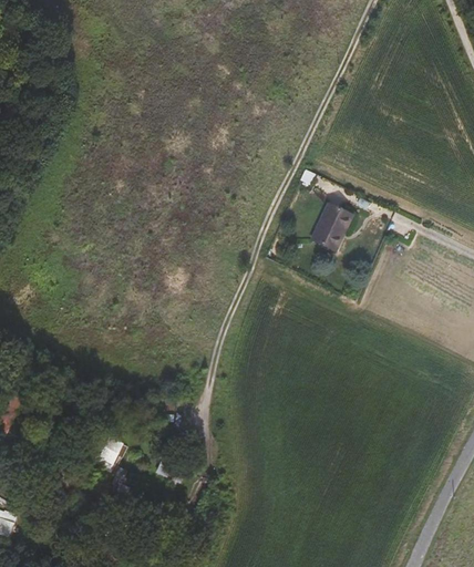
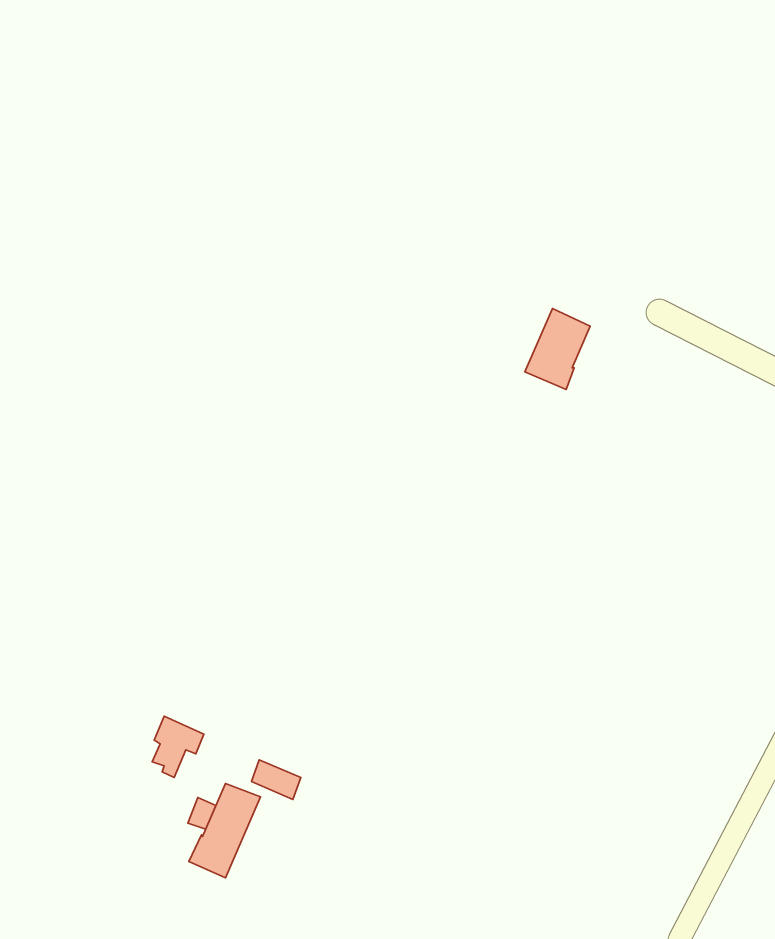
building: none -> [189,784,260,878]

